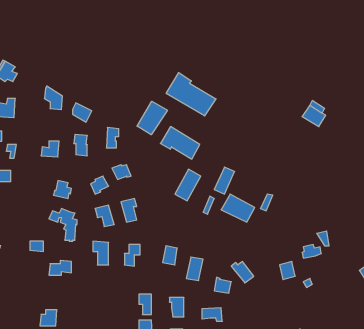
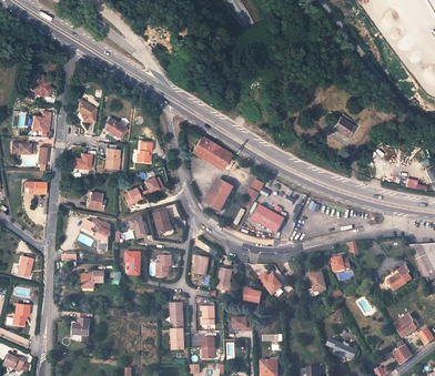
building: [166,73,216,116] -> none
building: [137,101,167,135] -> none

